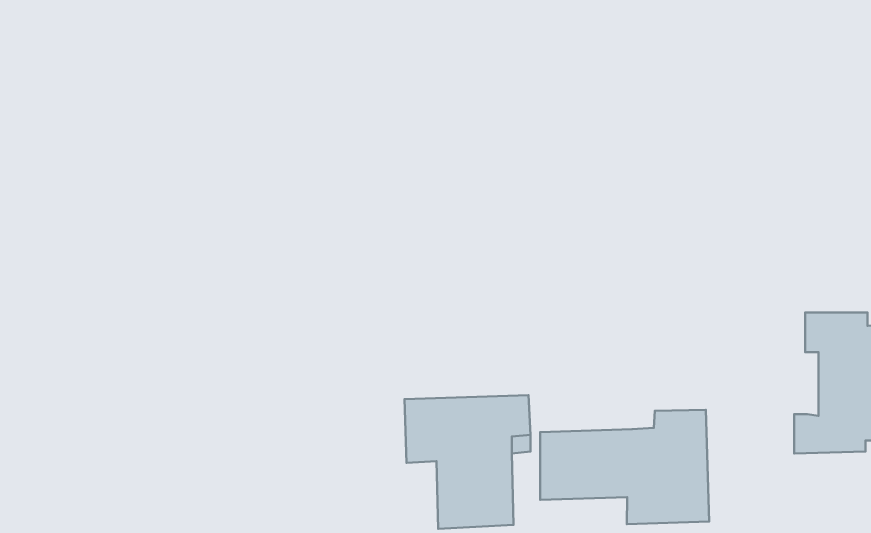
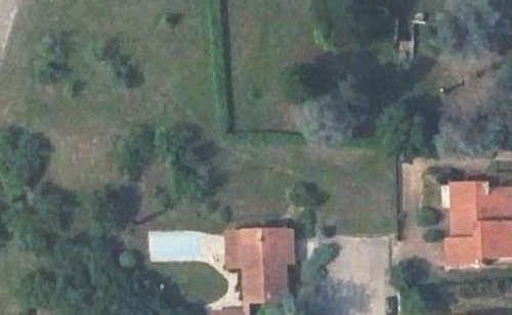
building: [540,410,709,524] -> none

